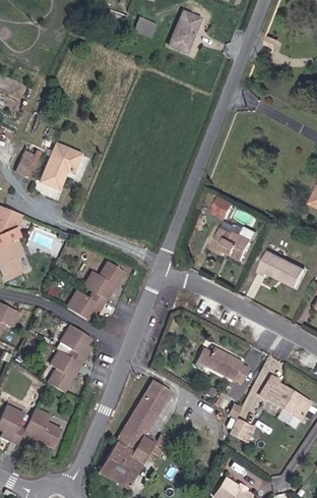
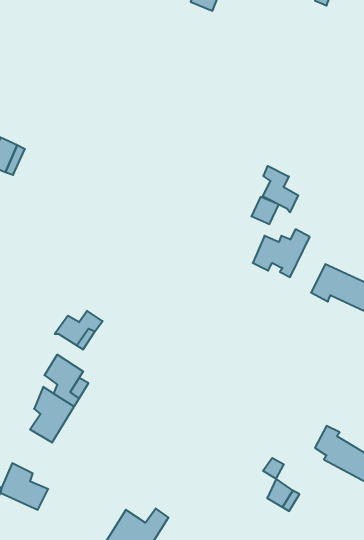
building: [39,145,80,190] -> none
building: none -> [263,166,298,212]
building: [79,260,118,294] -> none
building: [196,347,249,389] -> none
building: [119,385,173,453] -> none

